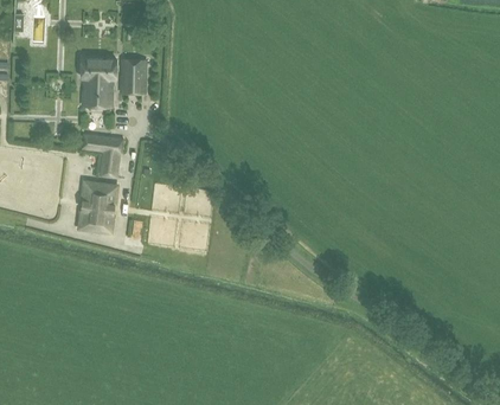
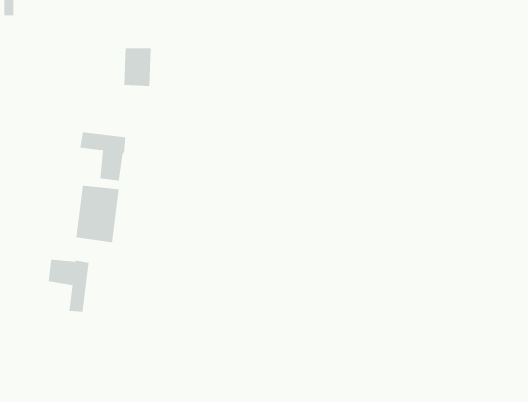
building: [82,57,116,105] -> none
building: none -> [48,259,89,313]

